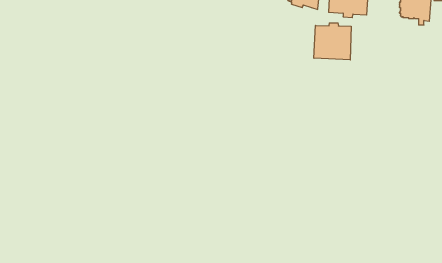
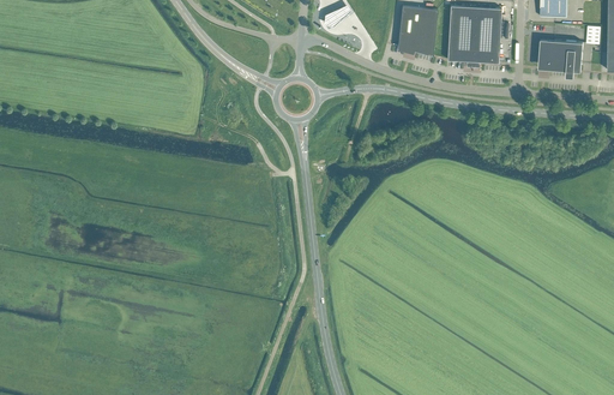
building: [314,23,351,60] -> none

